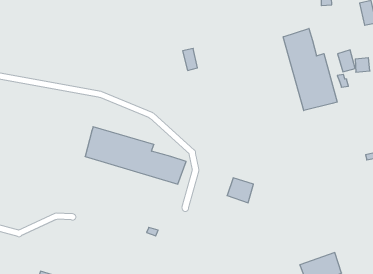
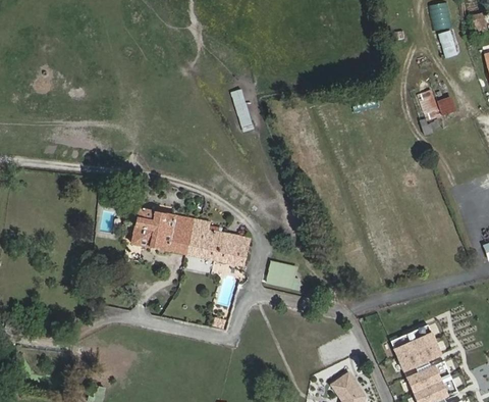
building: [283,28,337,111] -> none
building: [227,178,253,203] -> [265,261,294,289]

